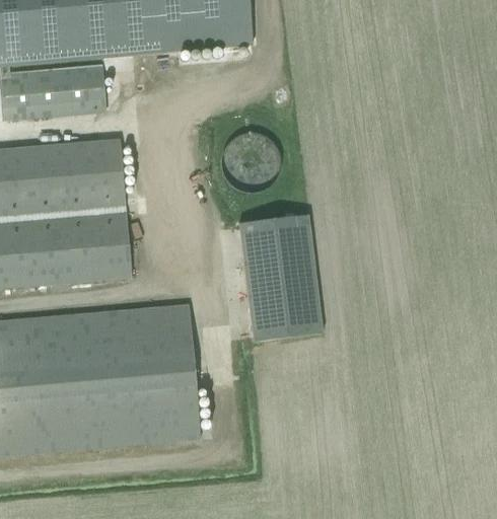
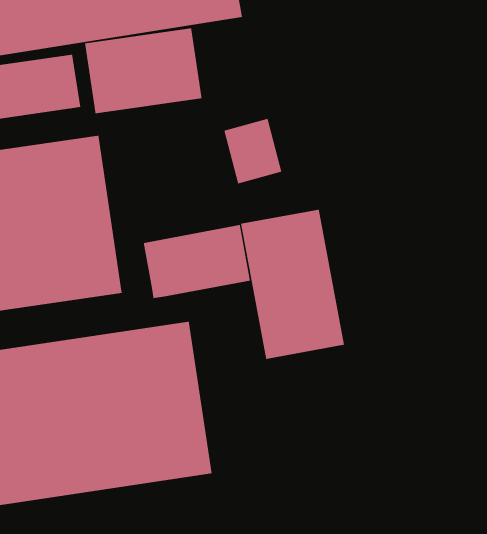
building: none -> [85,27,202,114]
building: none -> [143,224,250,299]

